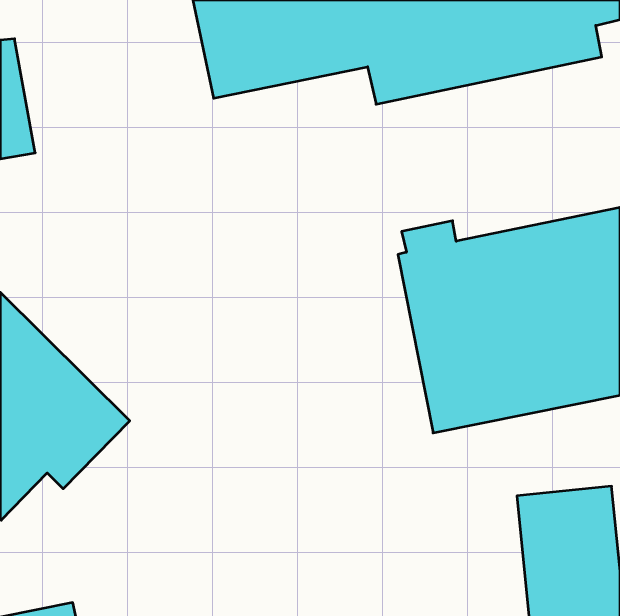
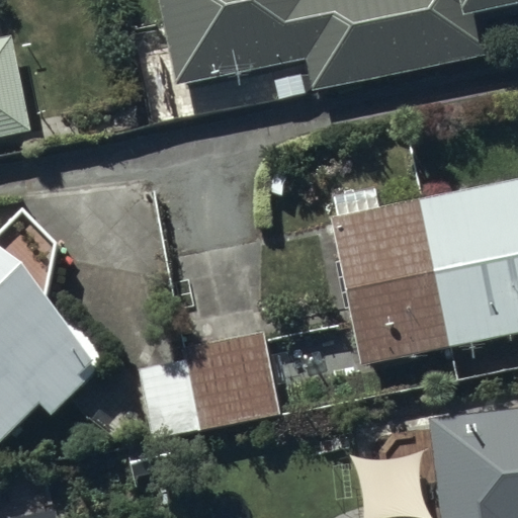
building: none -> [140,331,280,438]

